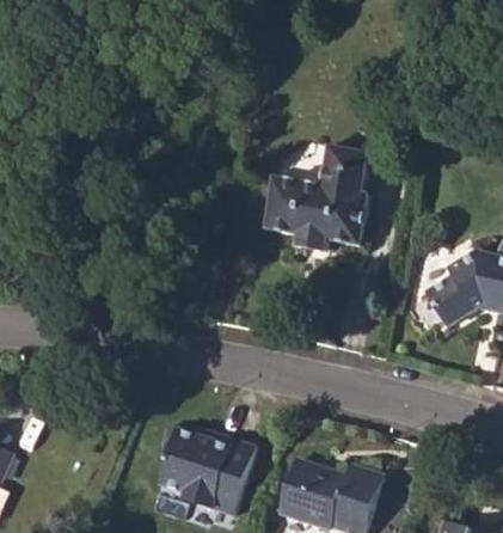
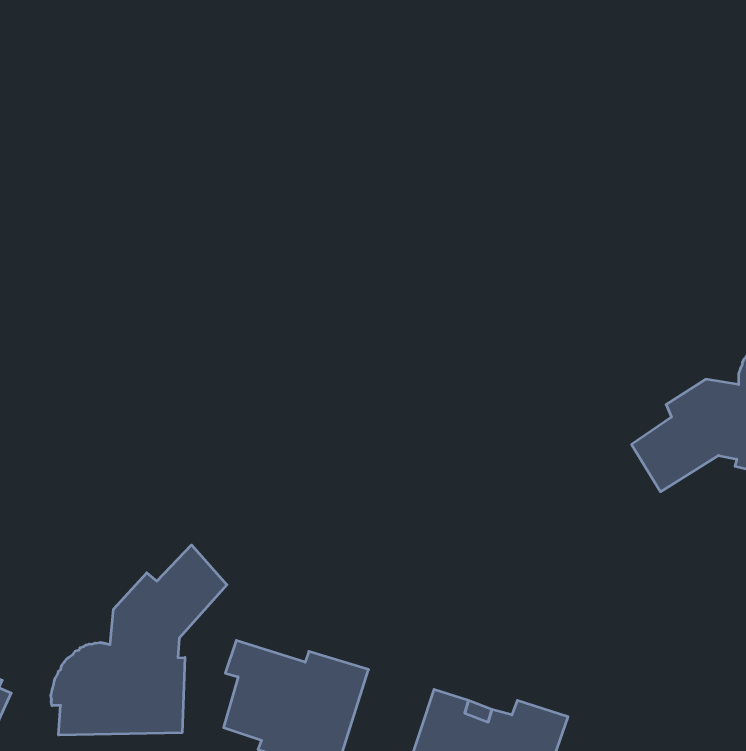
building: [265,146,373,252] -> none
building: none -> [51,545,227,735]

